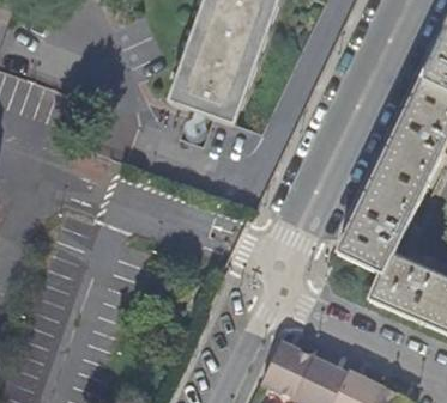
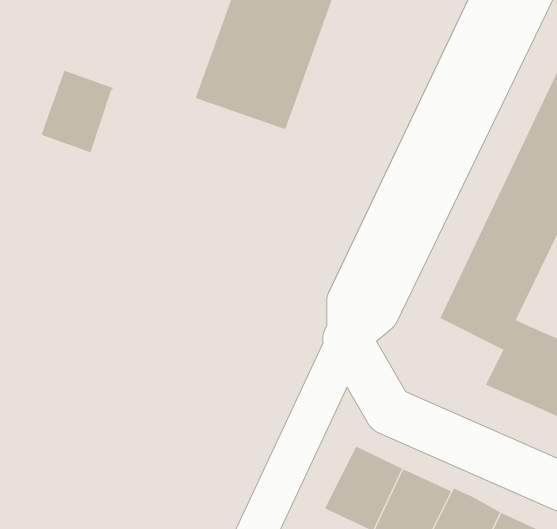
building: none -> [41,70,114,153]

